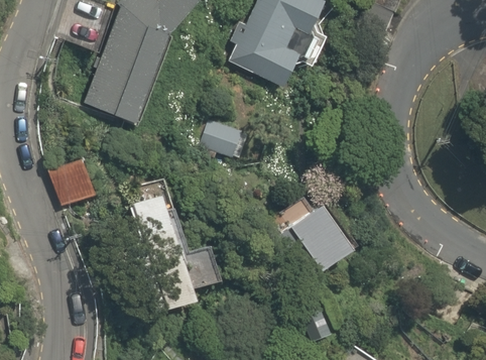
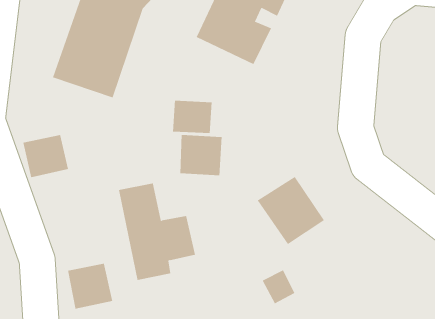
building: none -> [180,134,222,176]
building: none -> [68,263,113,309]

